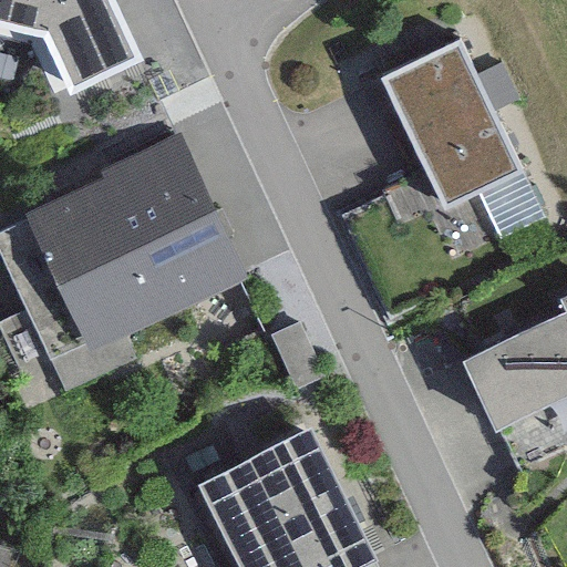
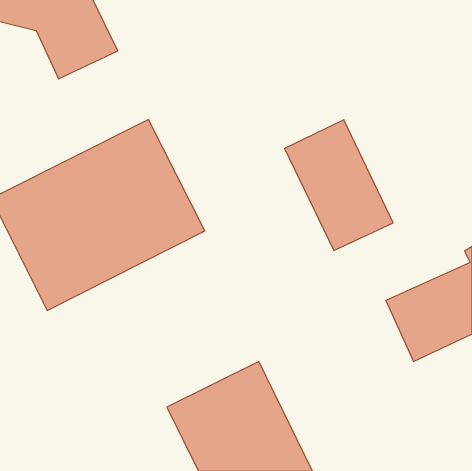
building: [390,48,519,204] -> [285,120,393,250]

